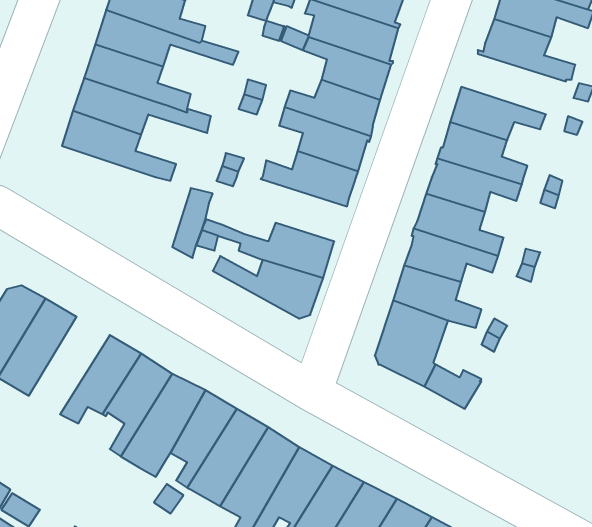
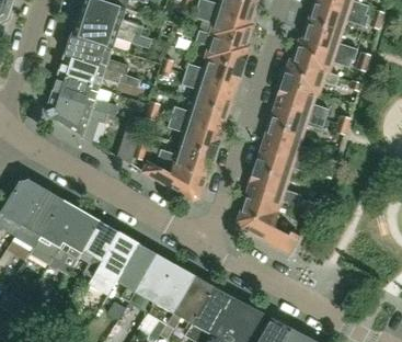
building: none -> [289,42,352,78]
building: none -> [47,96,107,141]
building: none -> [166,116,221,153]
building: none -> [31,198,80,264]

